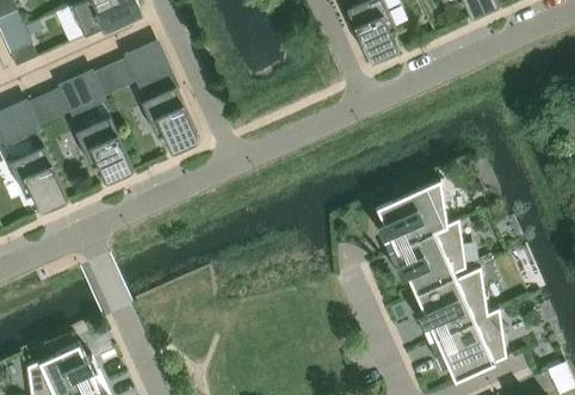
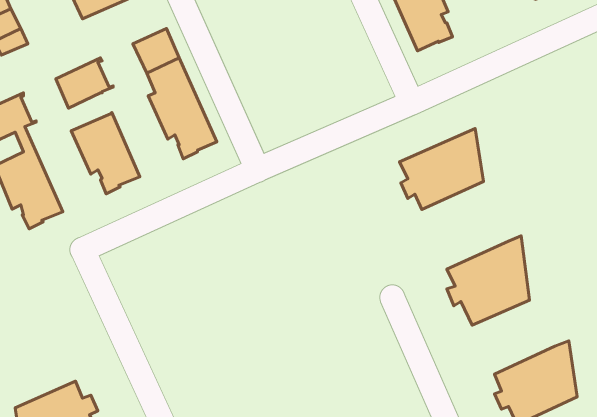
building: [98,56,140,93] -> none
building: [32,86,73,123] -> none
building: [376,179,447,248] -> [399,128,484,210]
building: [416,267,487,338] -> none

